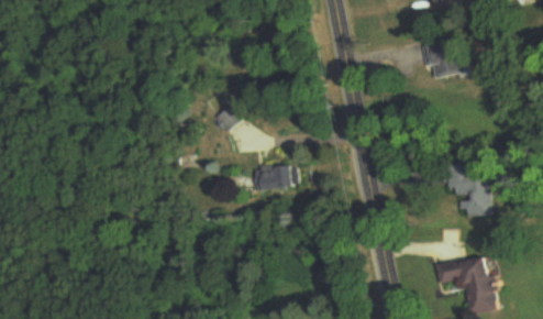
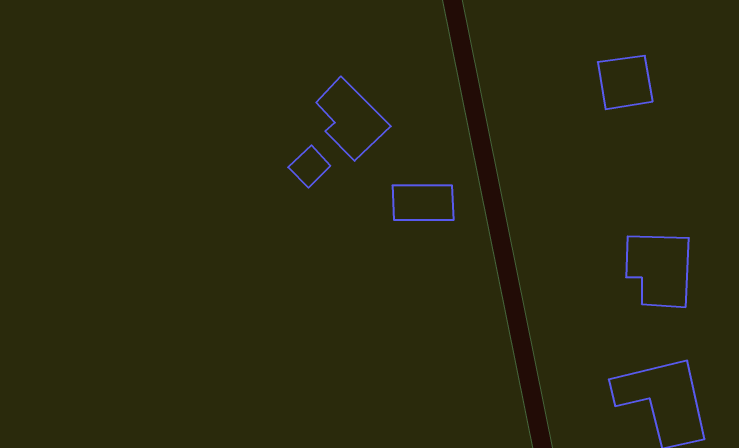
building: none -> [316,76,391,161]
building: [254,165,297,189] -> [392,185,454,220]

